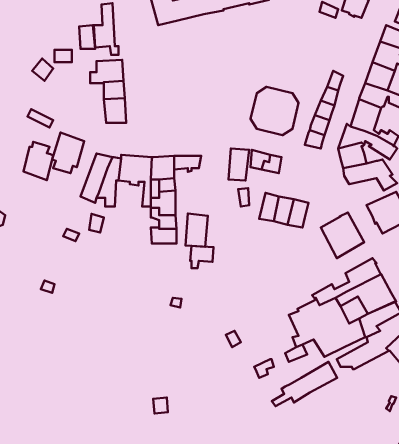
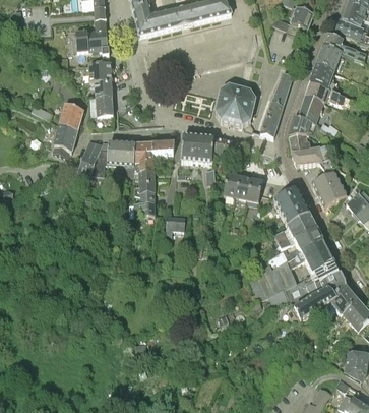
building: [23,142,53,180] -> [59,98,83,129]
building: [185,213,208,247] -> [181,133,199,161]
building: [272,362,337,406] -> [262,213,316,249]

